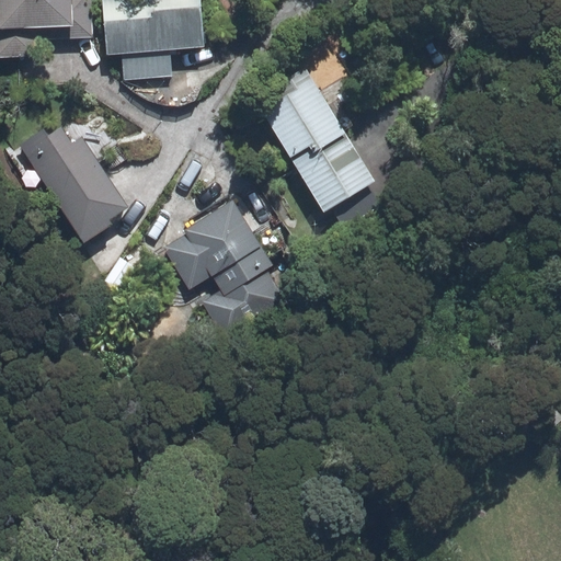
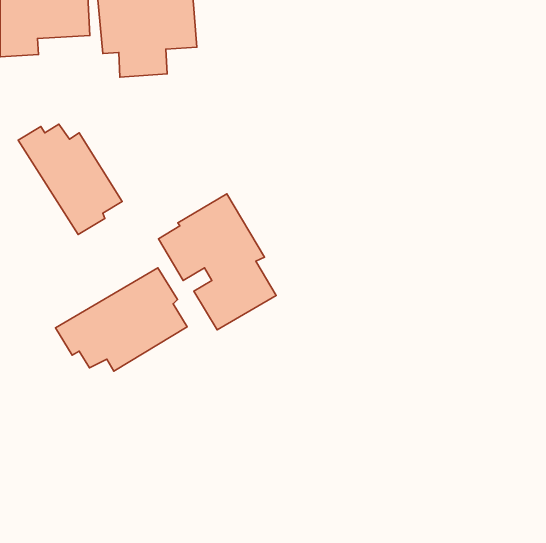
building: [260,61,373,209] -> none
building: none -> [56,268,187,371]

